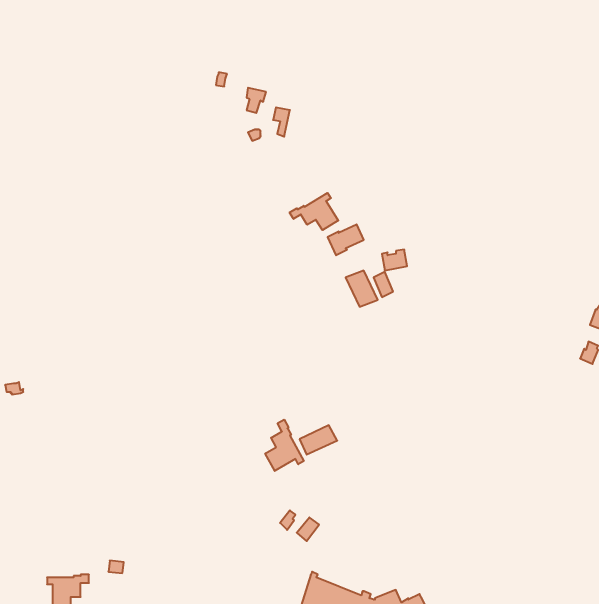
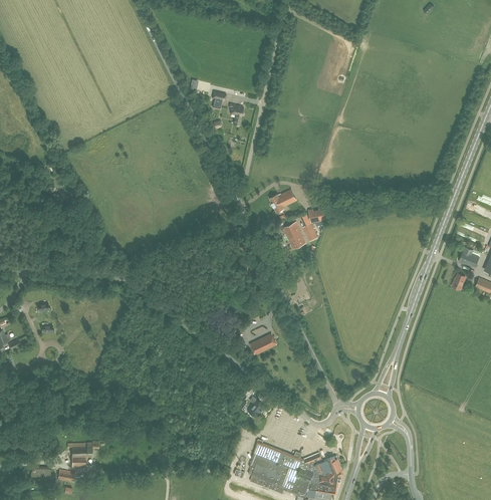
building: [290,193,338,230] -> none
building: [265,420,304,471] -> none

